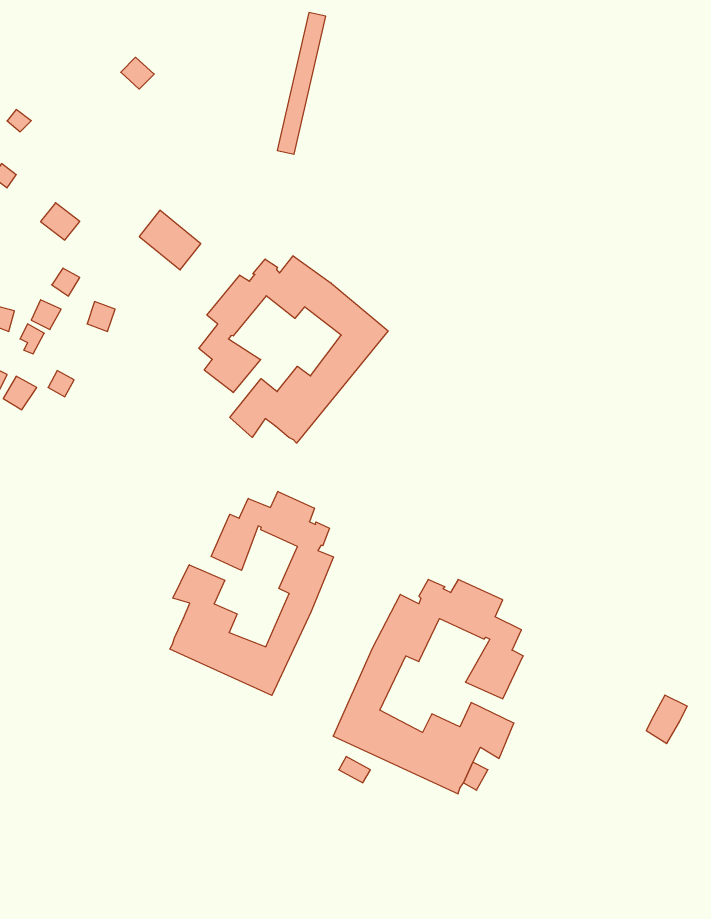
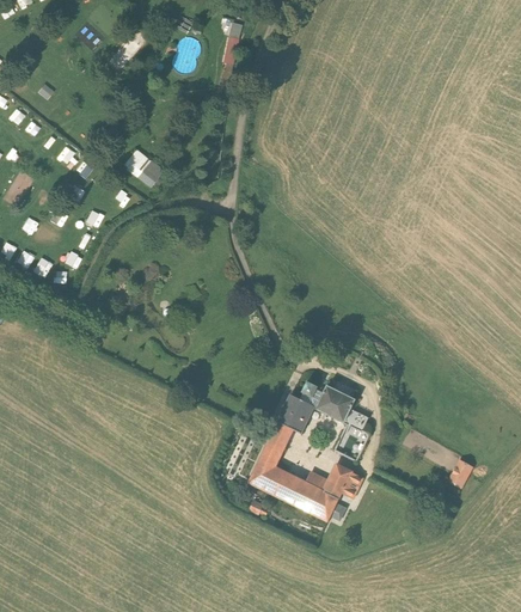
building: [199,256,388,443] -> none
building: [170,491,334,695] -> none

